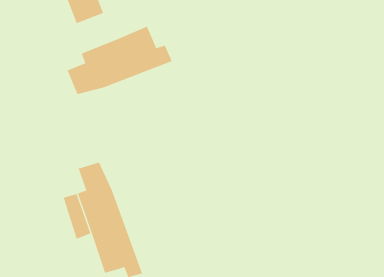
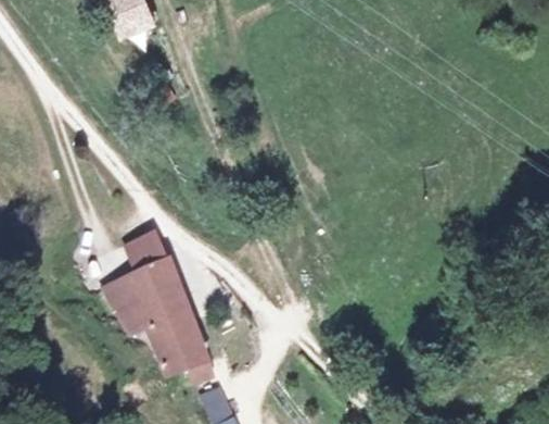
building: [67,26,173,95] -> none

